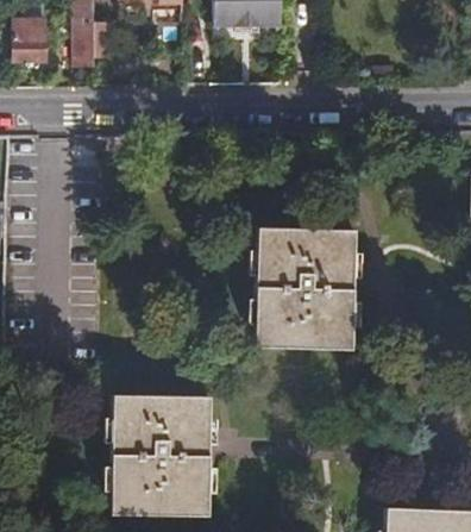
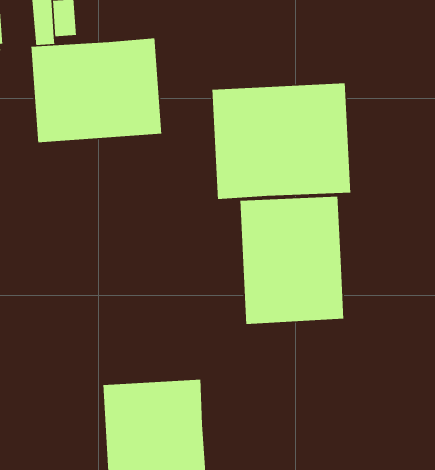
building: none -> [30,37,162,143]
building: none -> [211,82,351,200]

